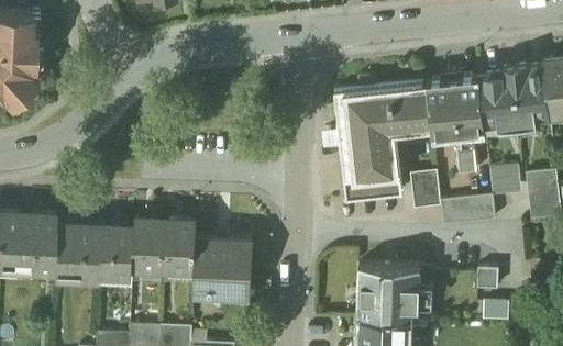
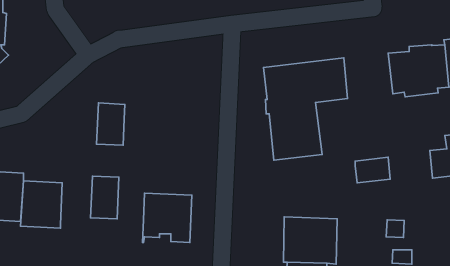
building: [427,76,485,175] -> none
building: [489,164,521,193] -> none
building: [410,179,440,209] -> none
building: [163,220,196,269] -> [97,103,125,145]
building: [97,226,133,276] -> none

